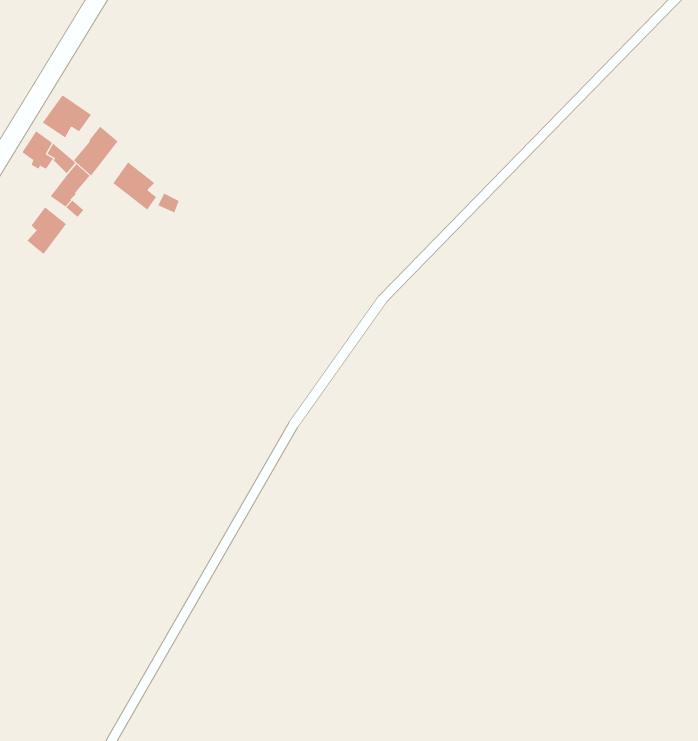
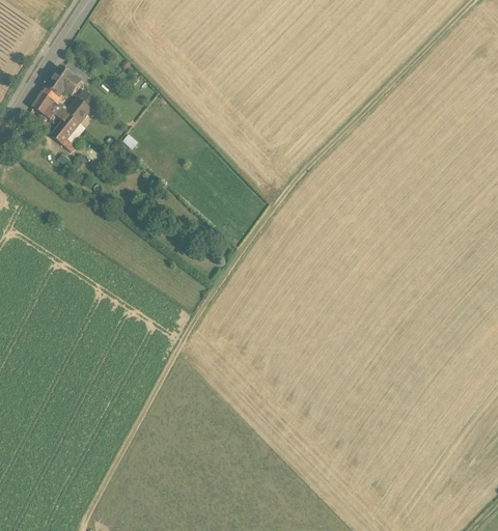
building: [112,161,157,211] -> none
building: [27,207,67,255] -> none

